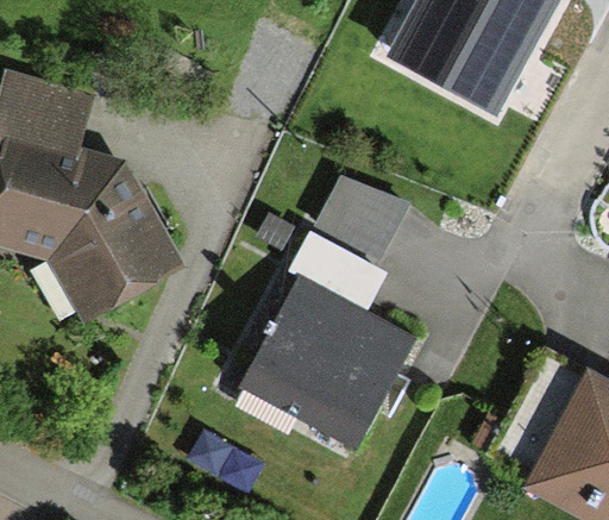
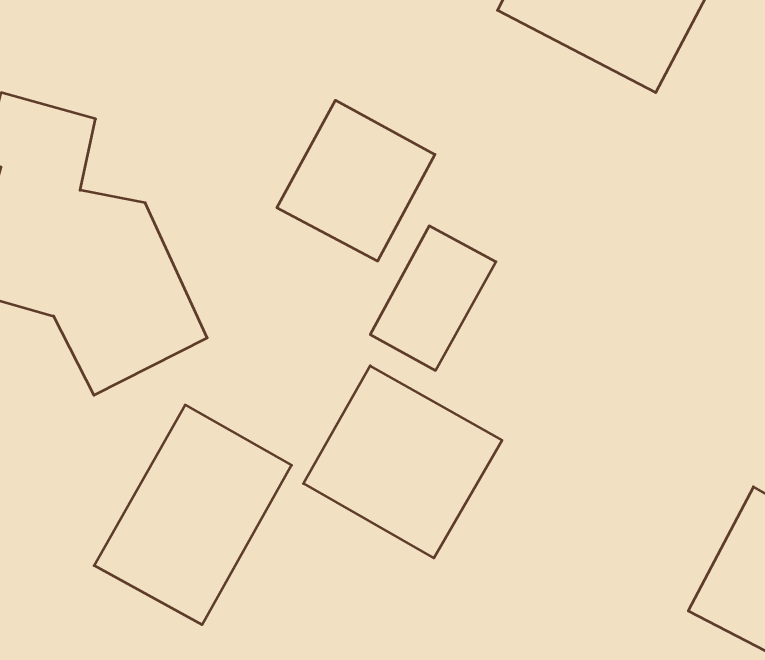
building: none -> [277,100,435,261]
building: none -> [94,405,292,625]

